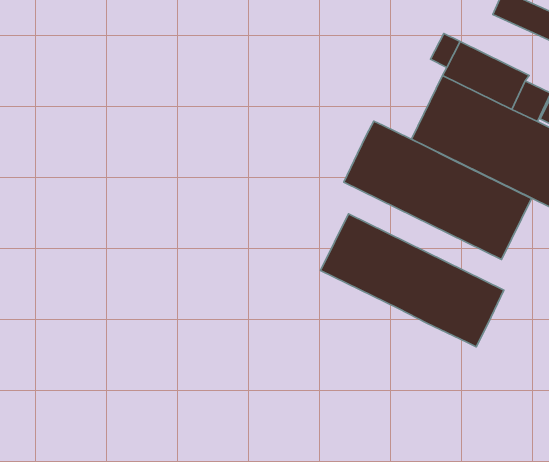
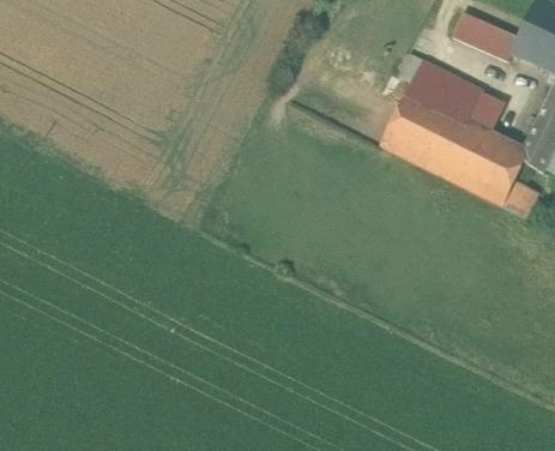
building: [344,121,532,260] -> none
building: [321,214,504,347] -> none

